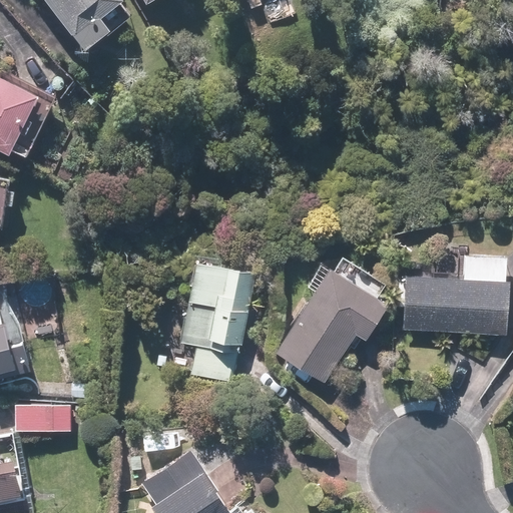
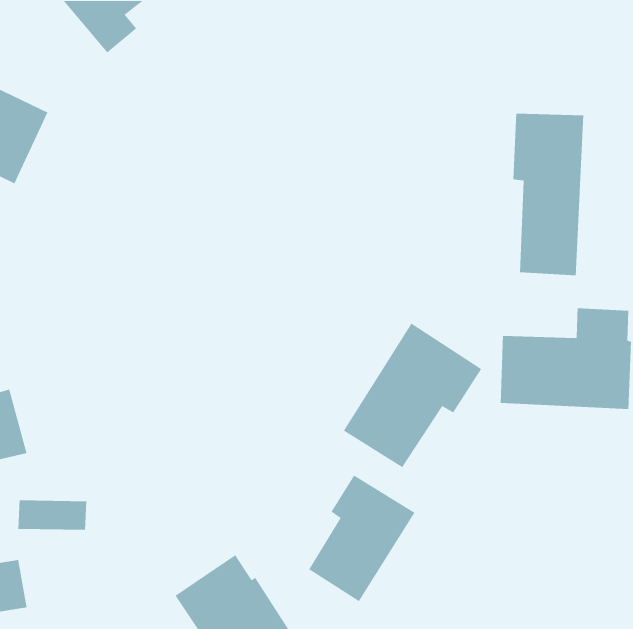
building: none -> [512,113,584,276]
building: [181,255,256,384] -> none
building: none -> [308,475,416,602]

